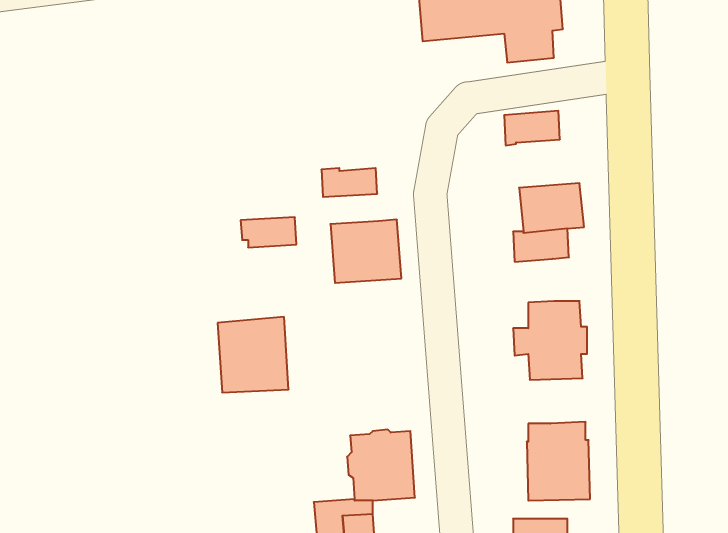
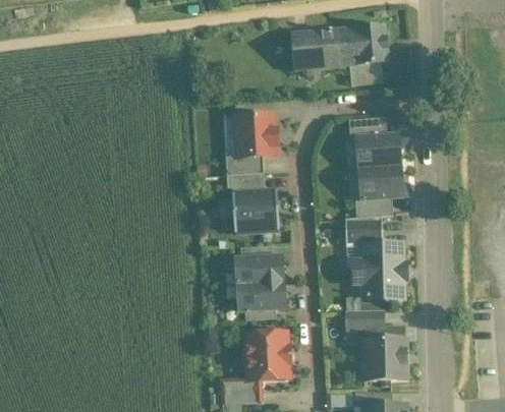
building: none -> [234,115,277,158]
building: none -> [356,135,399,169]
building: [241,217,296,247] -> [226,173,264,193]
building: none -> [345,217,382,246]
building: [218,317,289,392] -> [235,257,283,308]
building: none -> [346,310,383,330]

